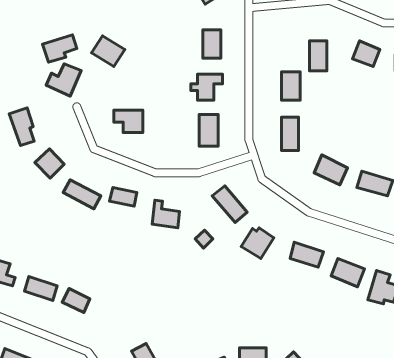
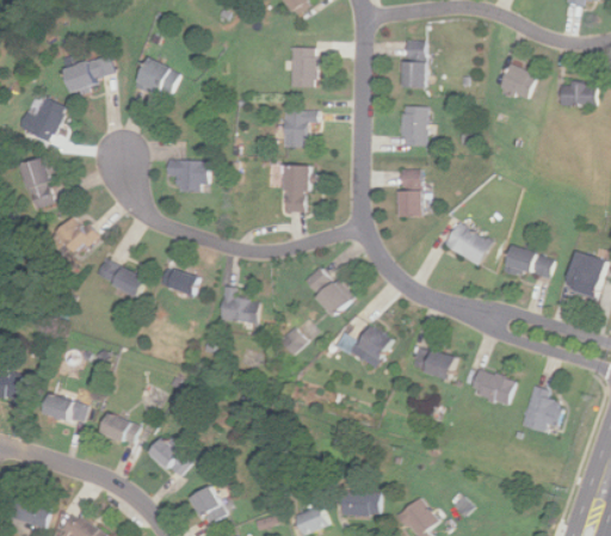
building: [310,41,327,71] -> [403,45,427,87]
building: [46,64,81,96] -> [18,97,67,142]
building: none -> [148,436,191,479]

